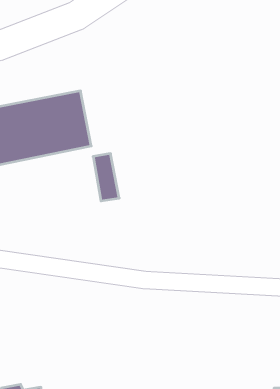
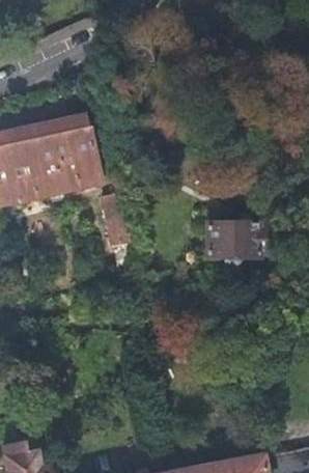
building: none -> [205,221,268,257]

